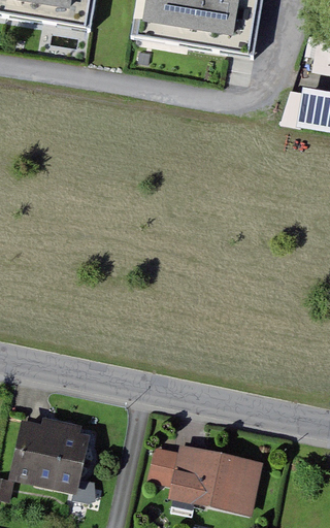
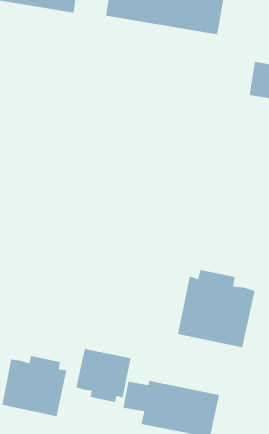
building: none -> [177,269,255,348]
building: none -> [75,348,131,403]

